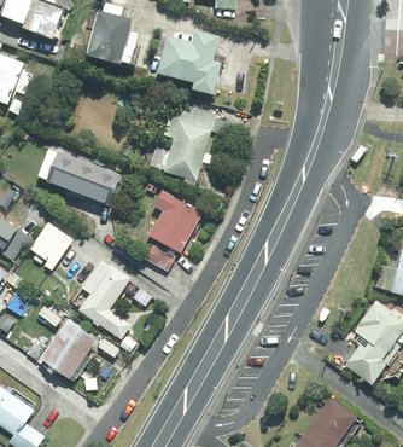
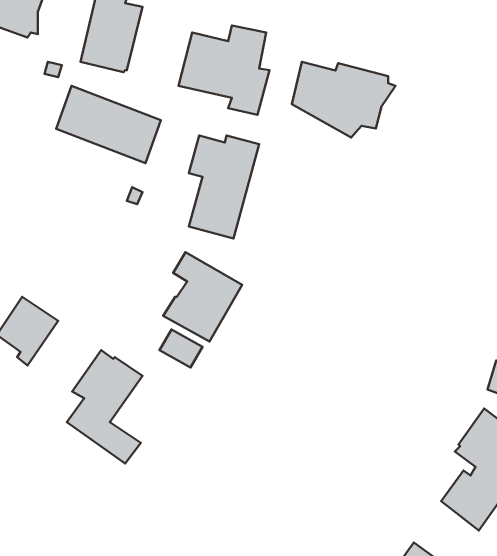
building: none -> [292,62,396,137]
building: [47,150,121,204] -> [56,86,161,163]
building: [42,318,99,377] -> none

